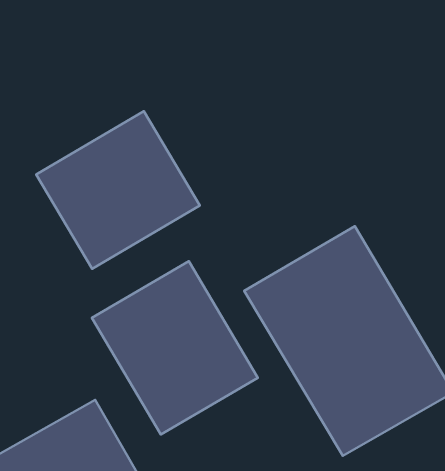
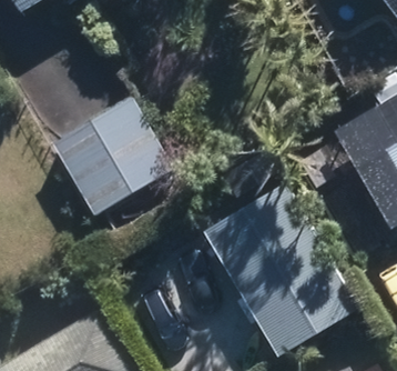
building: [92,261,258,434] -> none

